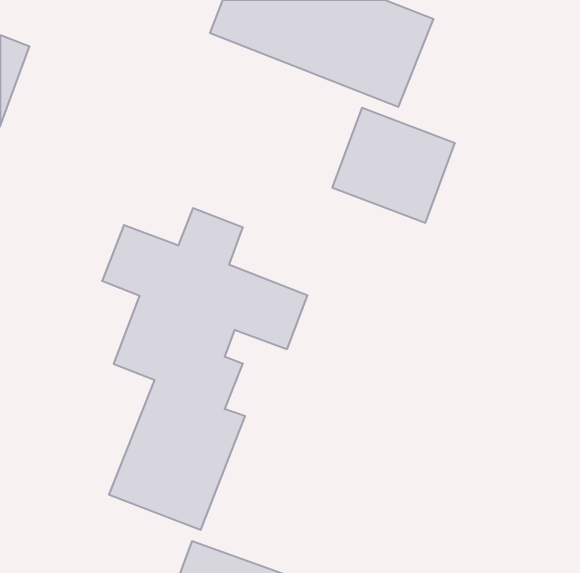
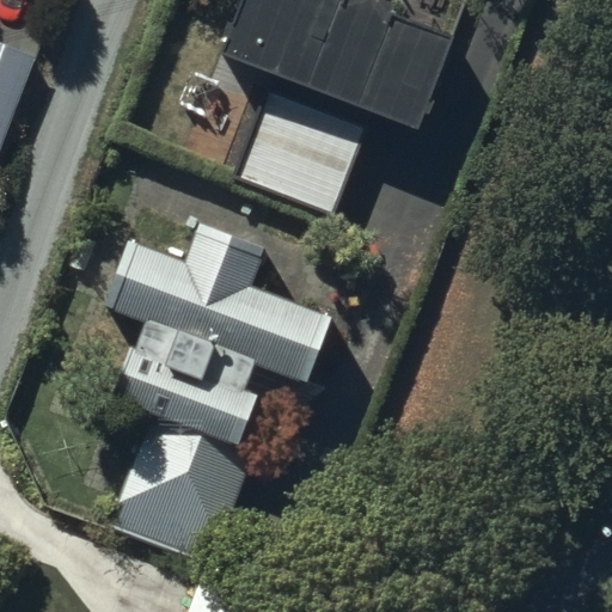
building: [332,108,455,223] -> [235,92,365,213]

